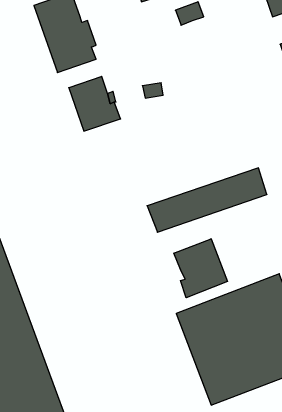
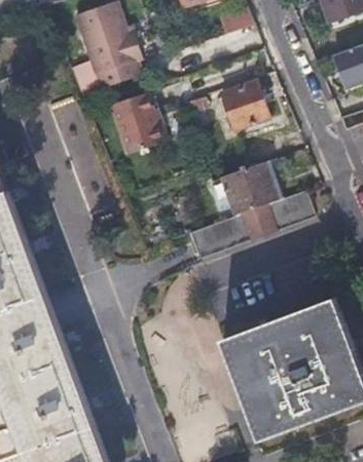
building: none -> [218,82,262,128]
building: none -> [221,159,283,214]
building: [174,239,227,298] -> none

